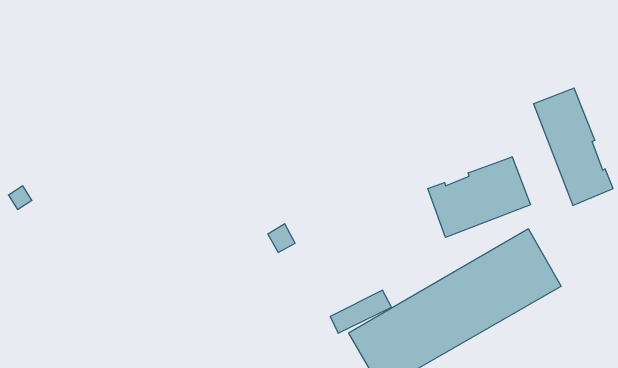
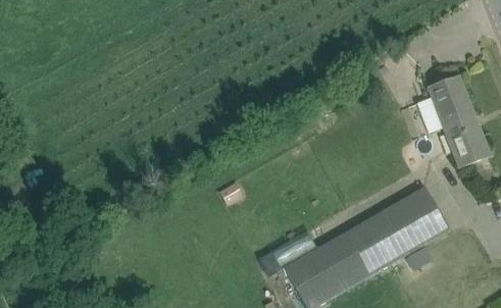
building: [428,157,530,237] -> none

